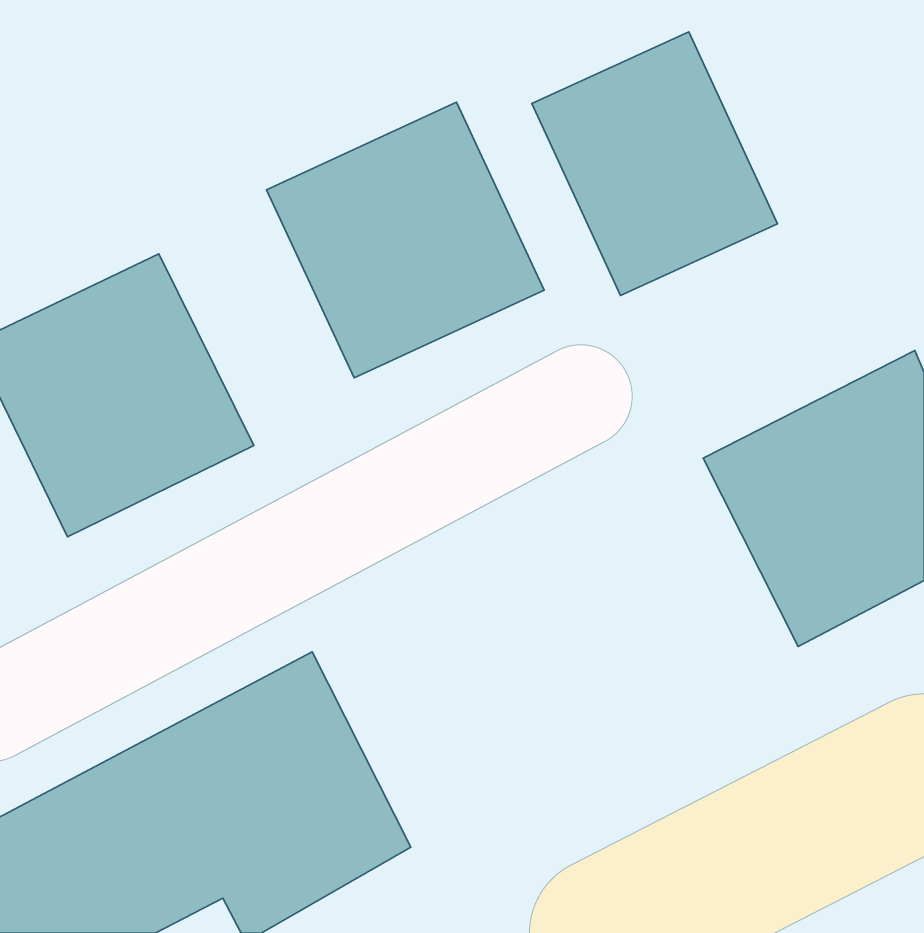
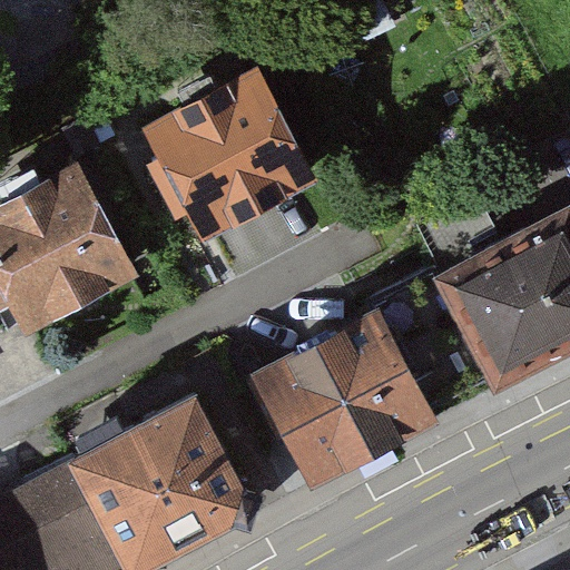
building: [532,32,778,296] -> none
building: none -> [242,311,431,491]

